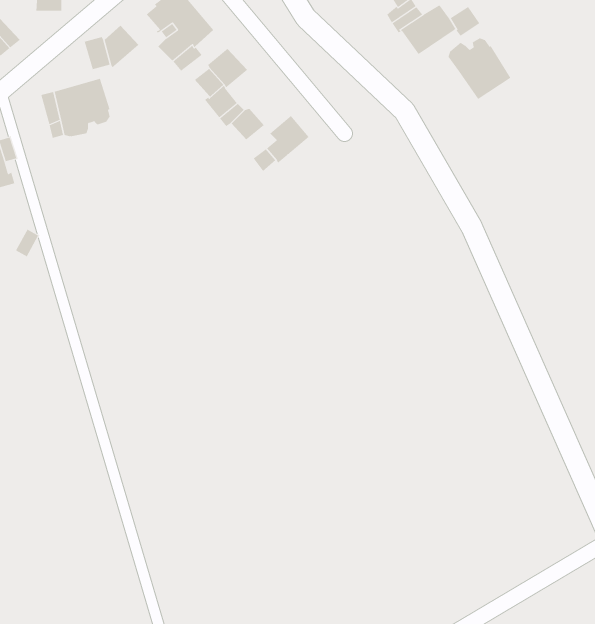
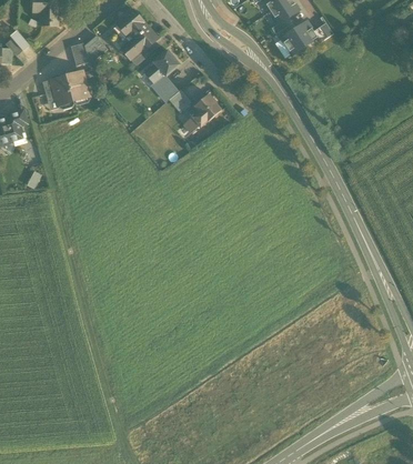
building: [448,38,511,100] -> none

